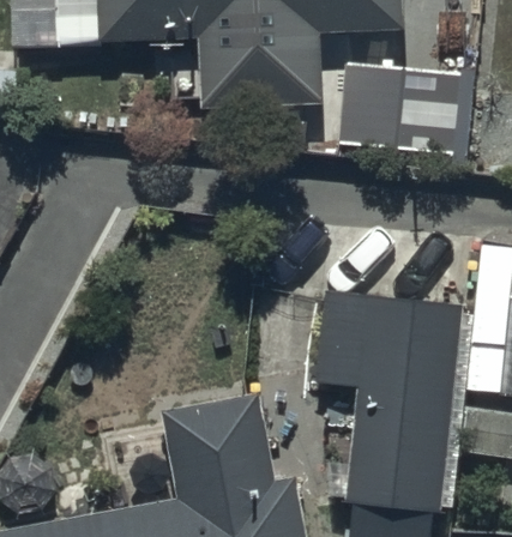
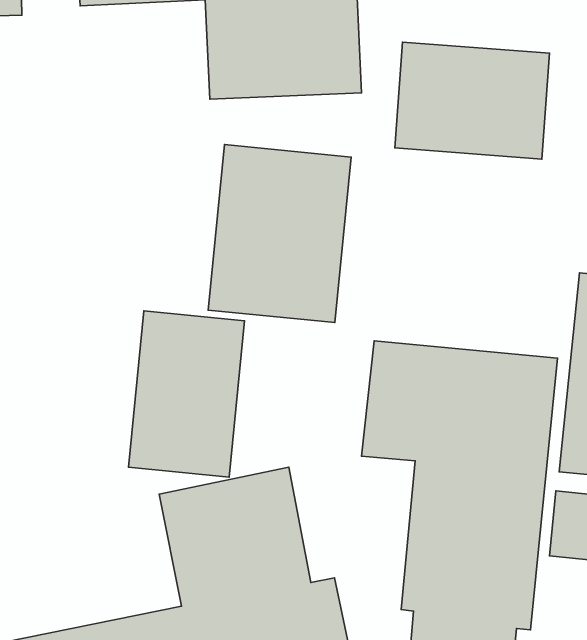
building: none -> [208,144,351,323]
building: none -> [128,311,245,477]

